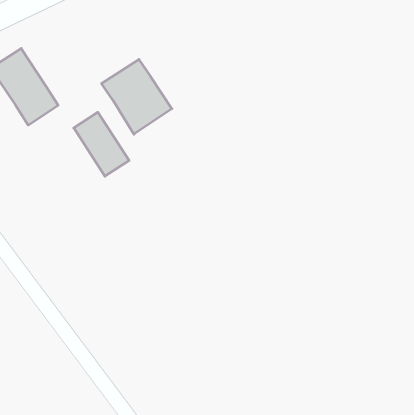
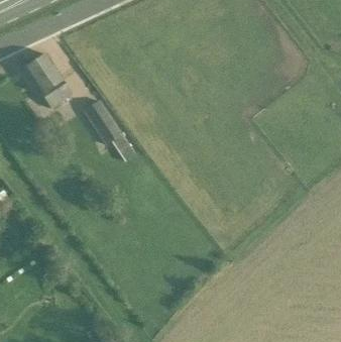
building: [102,59,172,134] -> none

